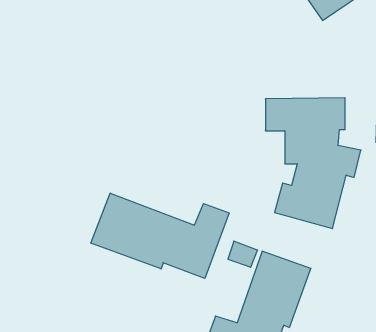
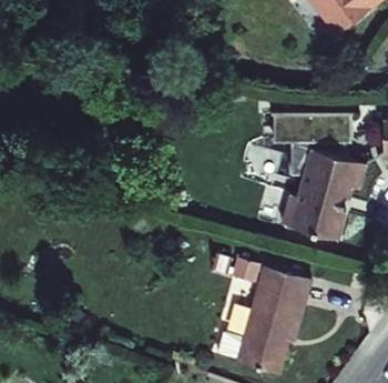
building: [91,193,229,278] -> none

